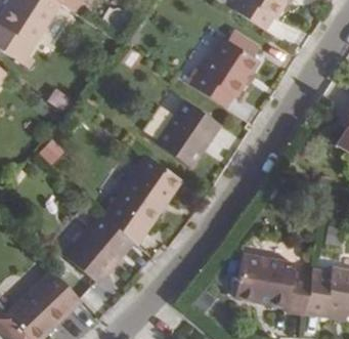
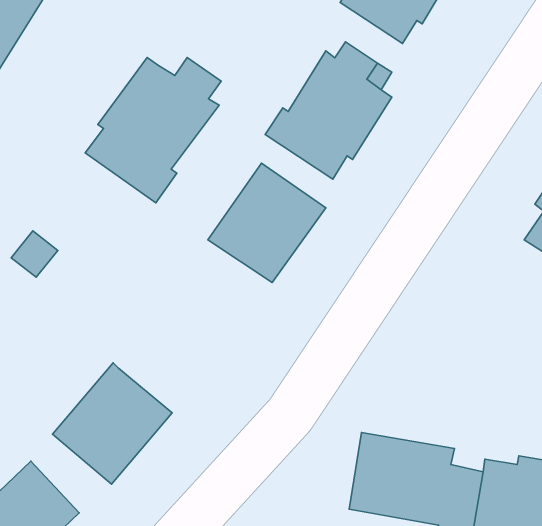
building: none -> [85,58,221,203]
building: [103,155,182,245] -> none

